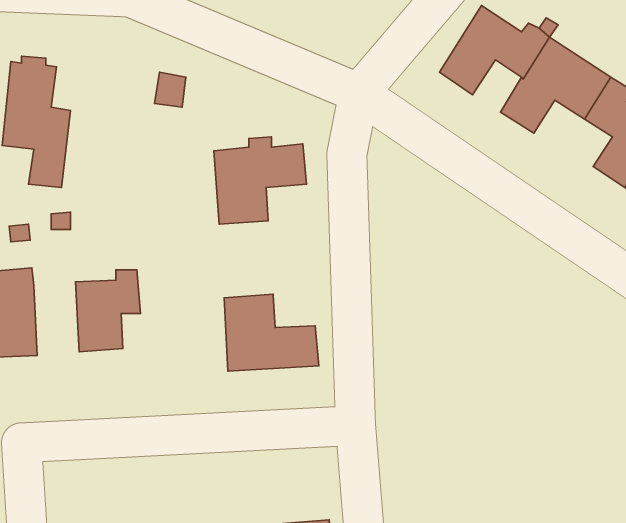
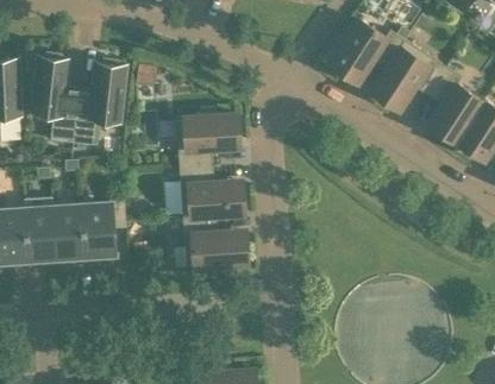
building: none -> [71,59,125,145]
building: none -> [178,165,243,218]
building: none -> [52,207,83,257]

